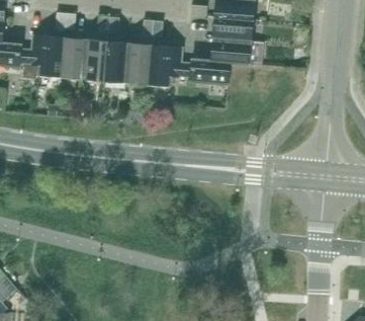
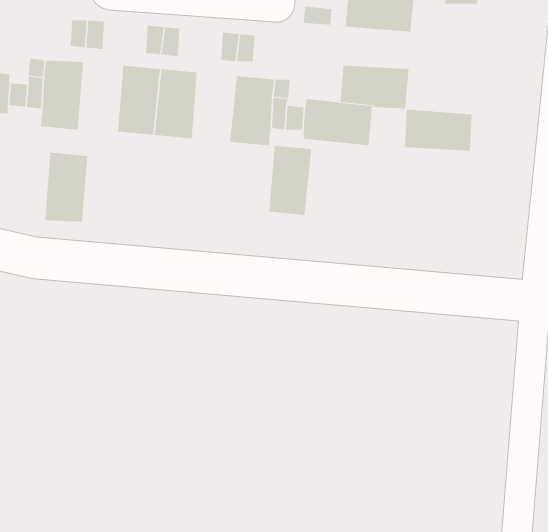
building: [212,17,252,42] -> [404,109,473,151]
building: [60,37,85,78] -> [44,152,88,222]
building: [125,44,151,84] -> [268,145,312,215]

